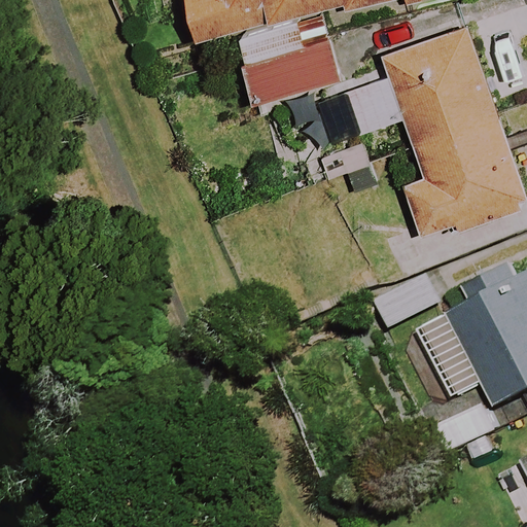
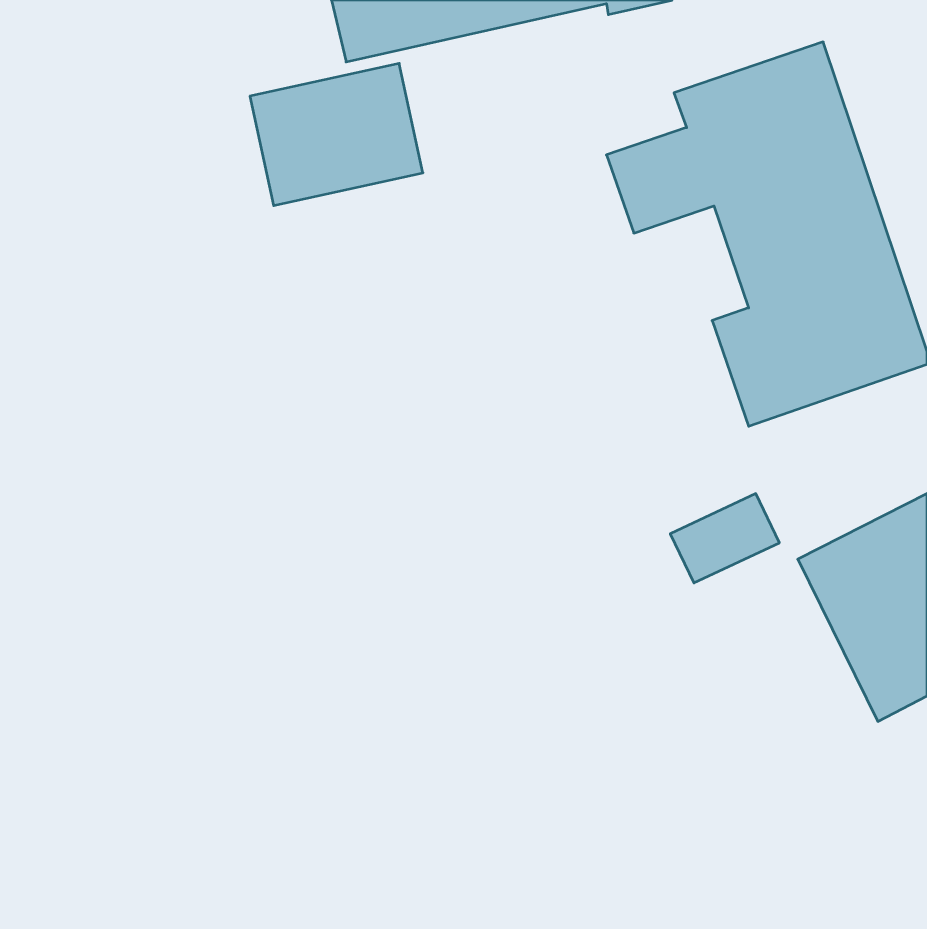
building: [238,21,336,101] -> [250,63,423,206]

